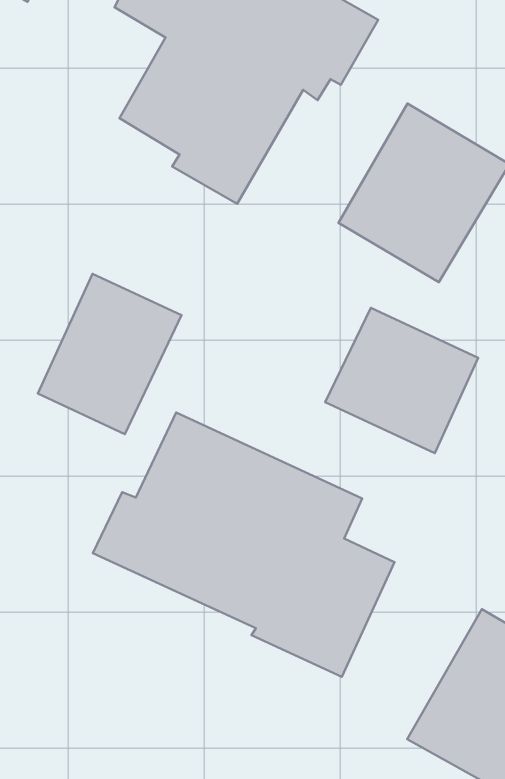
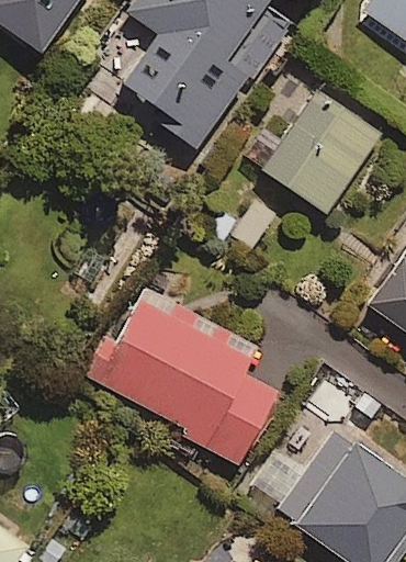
building: [38,274,182,434] -> none
building: [325,308,478,453] -> none

